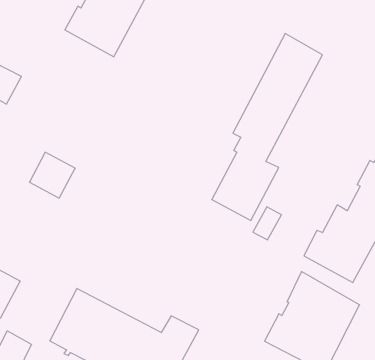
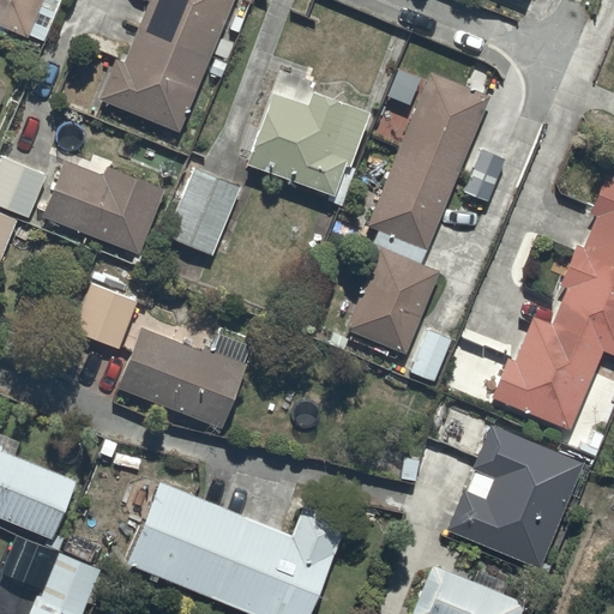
building: none -> [247,65,371,195]
building: none -> [42,162,165,255]
building: none -> [167,170,240,254]
building: none -> [116,327,253,428]

